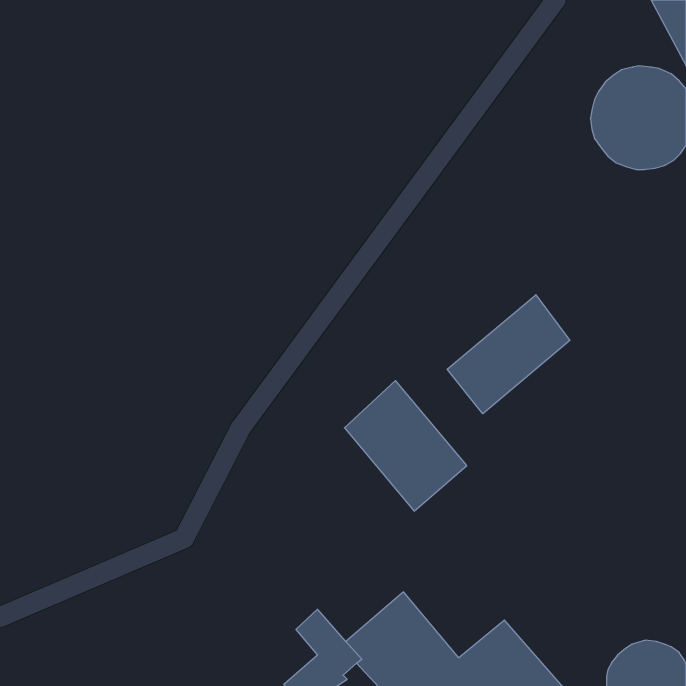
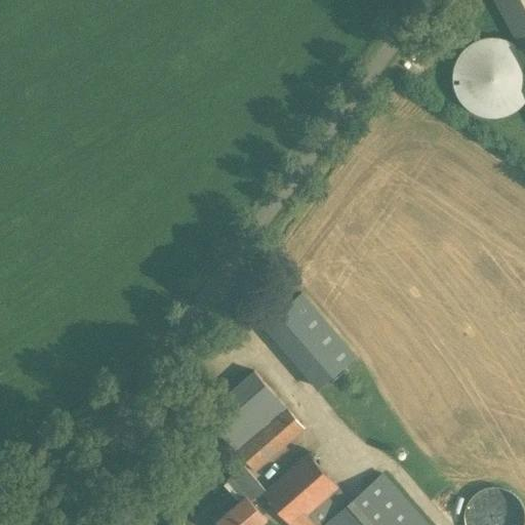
building: [447,295,570,414] -> none
building: none -> [202,370,305,474]

